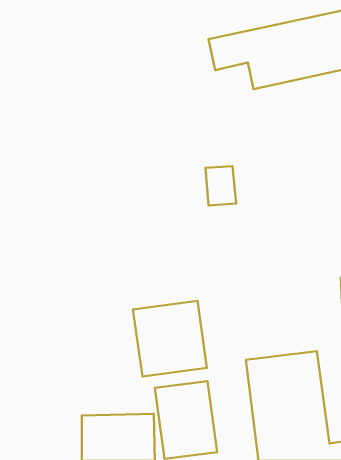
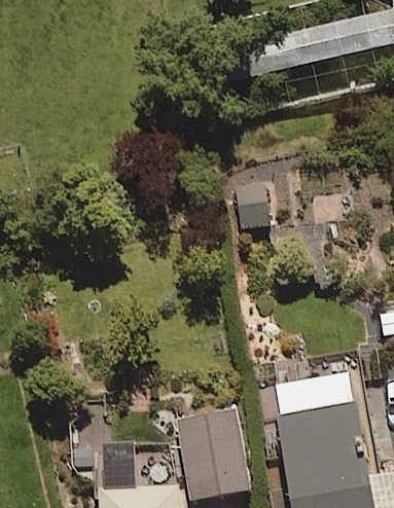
building: [133,301,207,377] -> none

